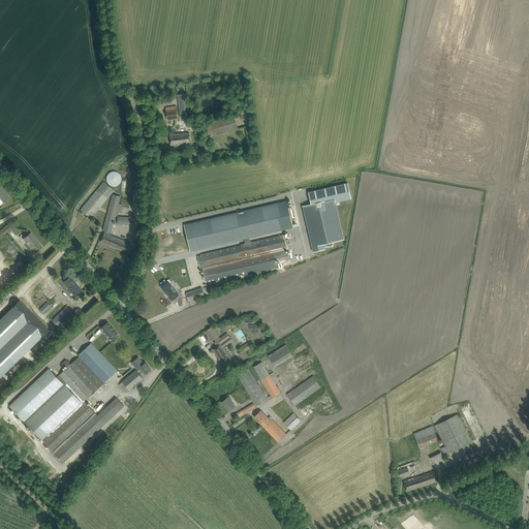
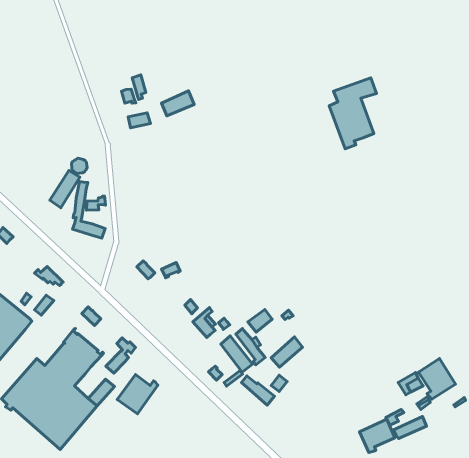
building: [301,183,350,252] -> [329,78,377,149]
building: [186,200,291,282] -> none
building: none -> [117,374,158,414]
building: none -> [359,419,395,453]

